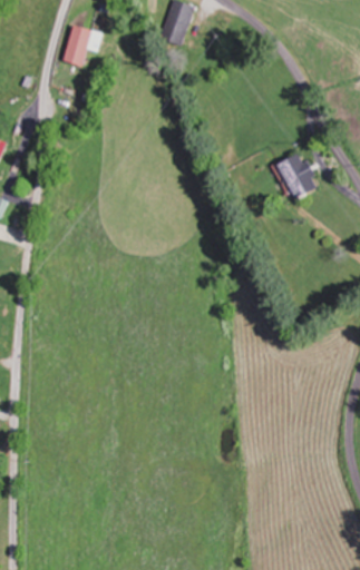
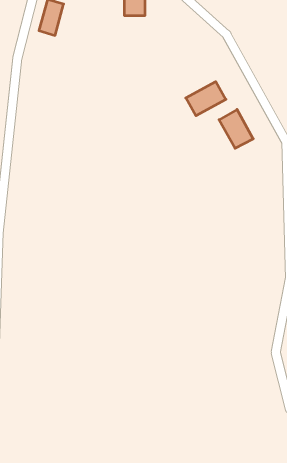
building: none -> [186,82,226,116]

